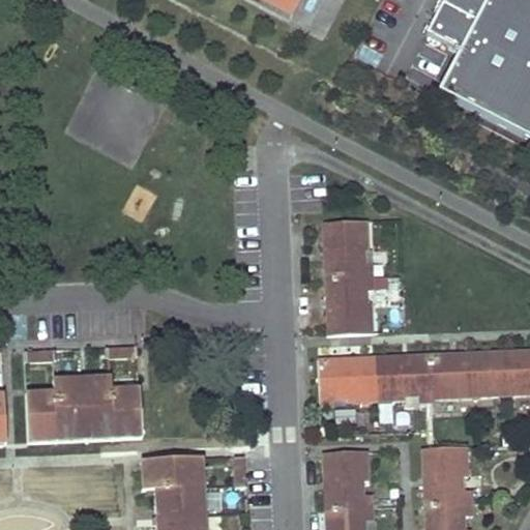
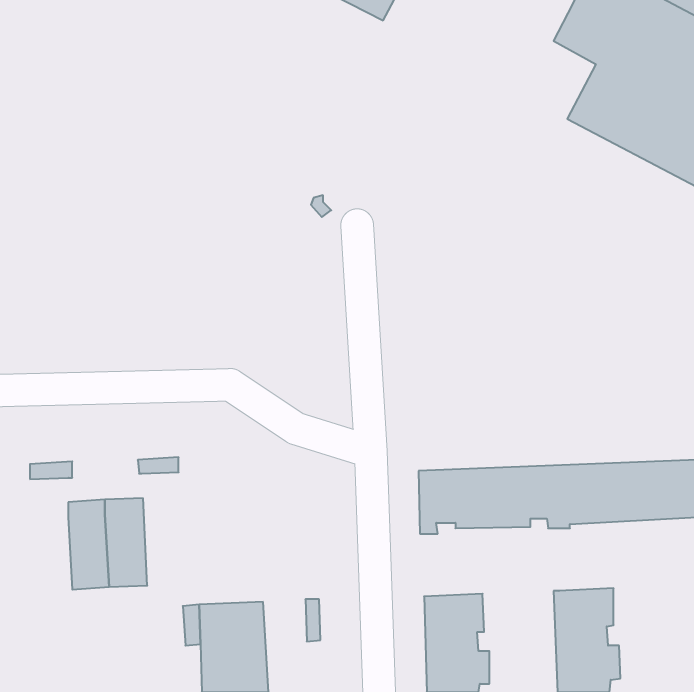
building: [323,220,375,333] -> none
building: [111,388,143,444] -> none
building: [27,392,57,448] -> none

